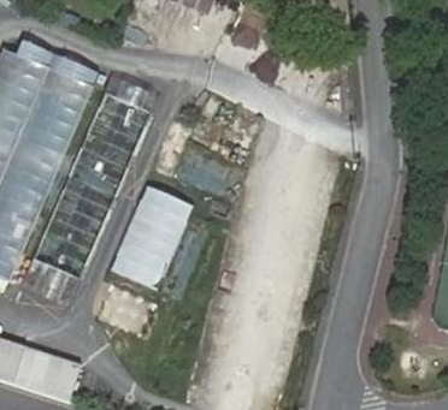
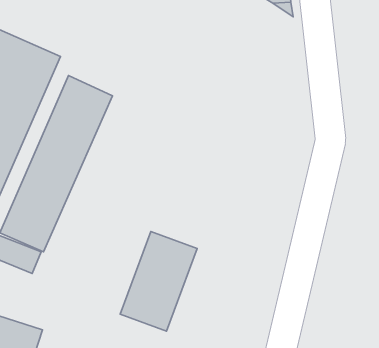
building: [111,182,193,287] -> [120,232,197,331]

